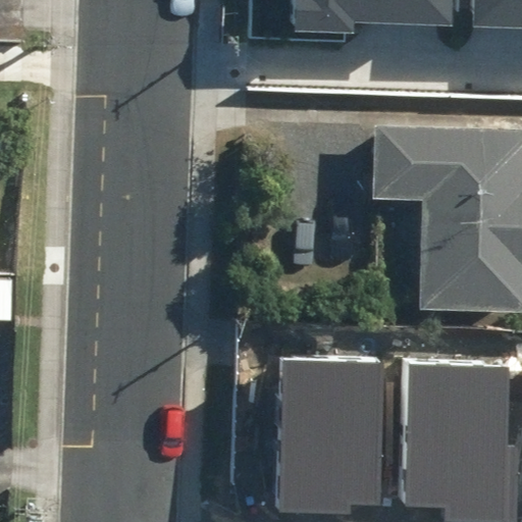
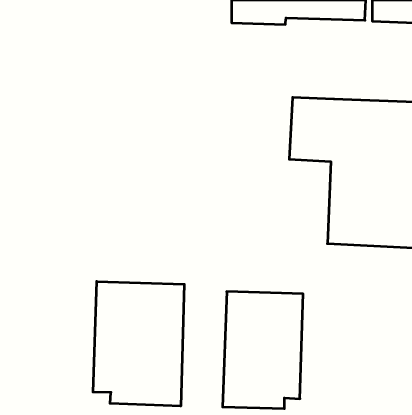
building: none -> [93,281,184,406]
building: [409,363,508,511] -> none

